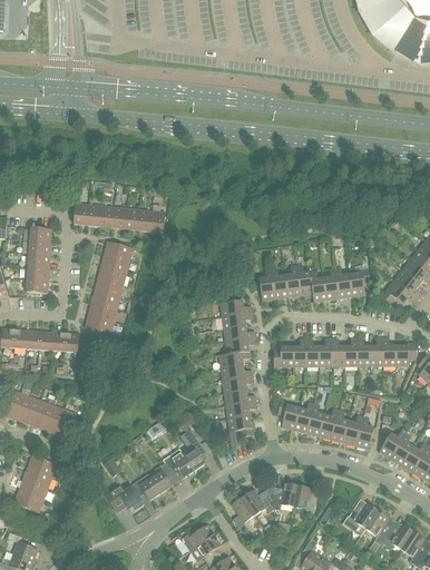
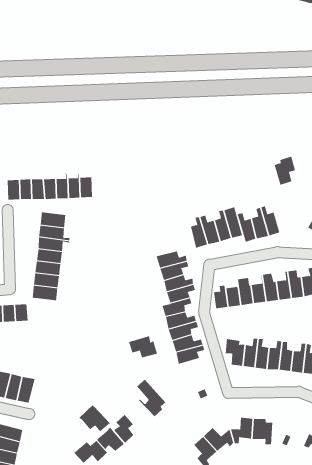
building: [349,266,371,295] -> [274,156,296,185]
building: [227,414,256,436] -> [128,336,158,358]
building: [163,446,195,476] -> [79,404,110,432]

